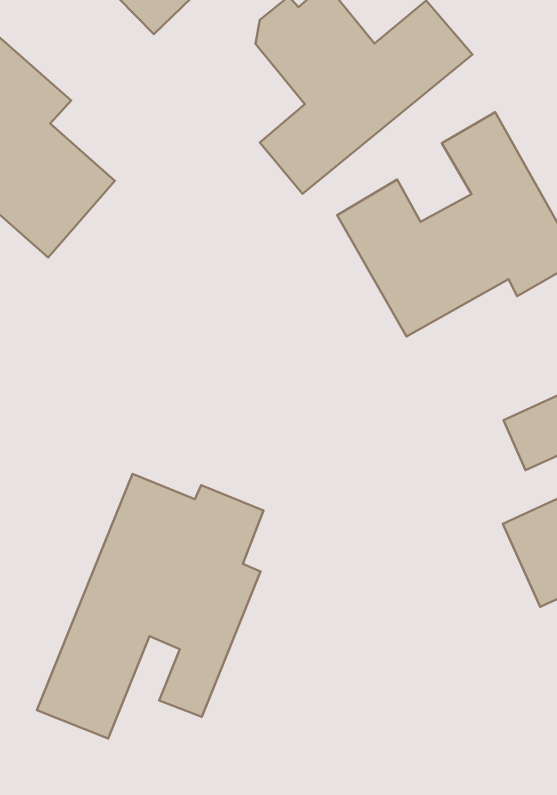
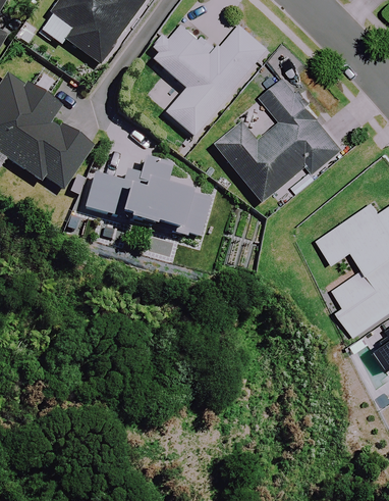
building: none -> [84,159,208,251]
building: [37,474,263,738] -> none

